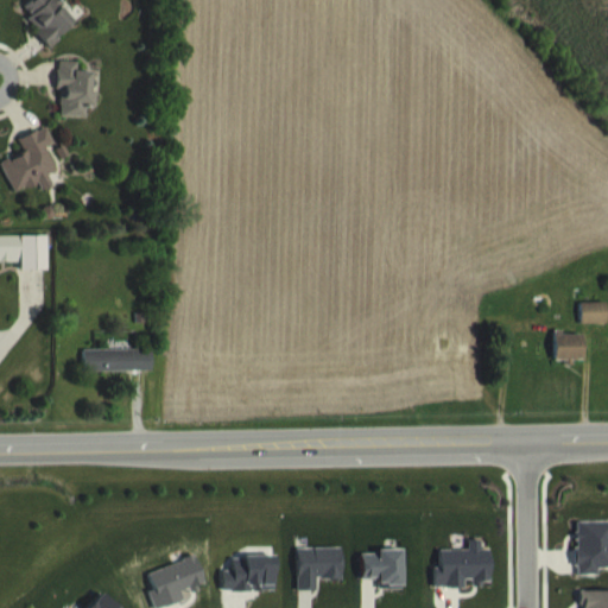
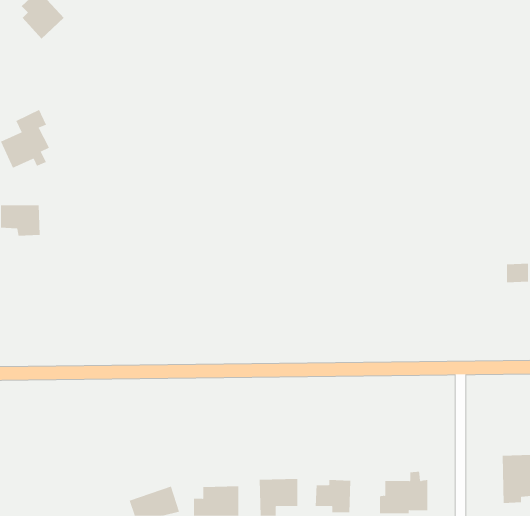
building: [57,59,96,116] -> none
building: [553,331,582,361] -> none
building: [83,348,153,370] -> none

